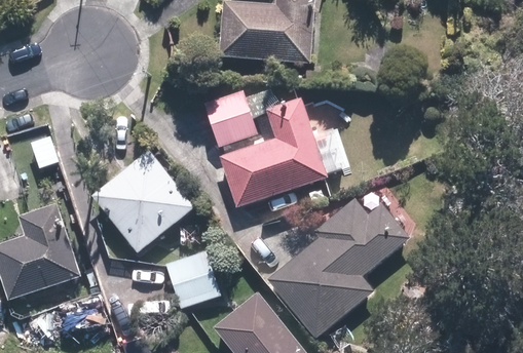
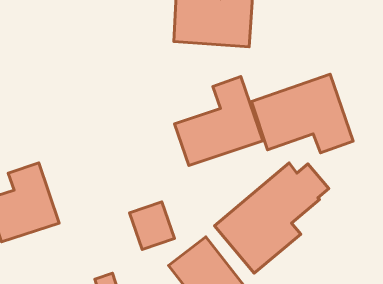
building: [204,90,257,145] -> none
building: none -> [251,74,353,153]
building: [91,150,194,252] -> none

